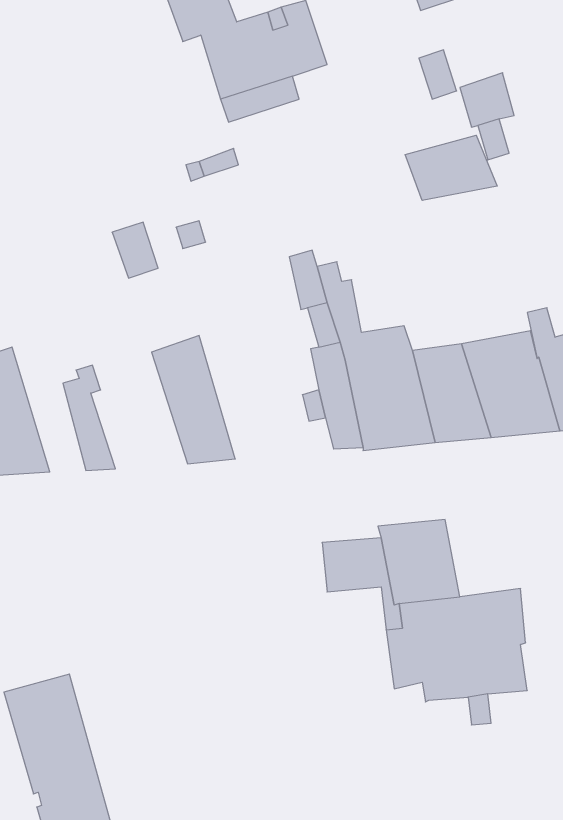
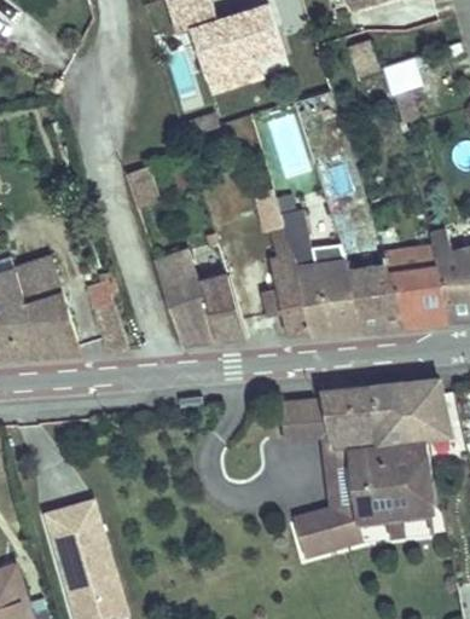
building: [405,135,497,200] -> none
building: none -> [198,273,245,340]
building: none -> [370,376,451,441]
building: none -> [294,504,360,555]

